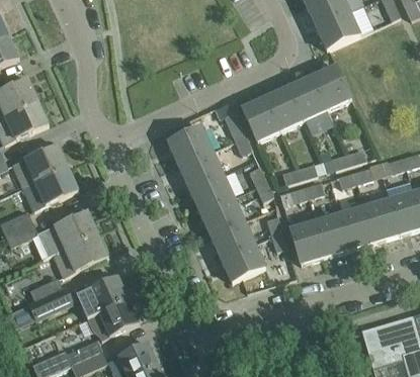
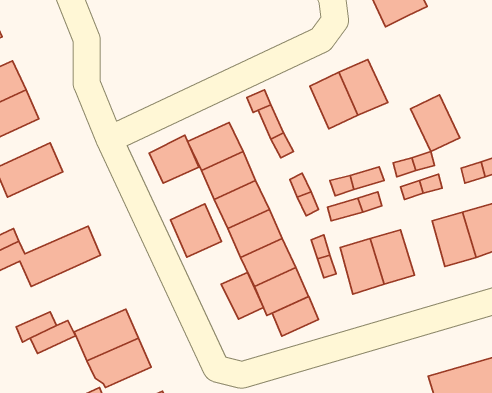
building: [312,65,351,110] -> [411,95,460,152]
building: [241,97,280,143] -> none
building: none -> [149,135,199,183]
building: [22,166,78,209] -> none
building: none -> [170,204,222,257]
building: [338,205,373,249] -> none
building: [53,232,107,276] -> none
building: none -> [221,272,263,319]
building: none -> [272,296,319,336]

